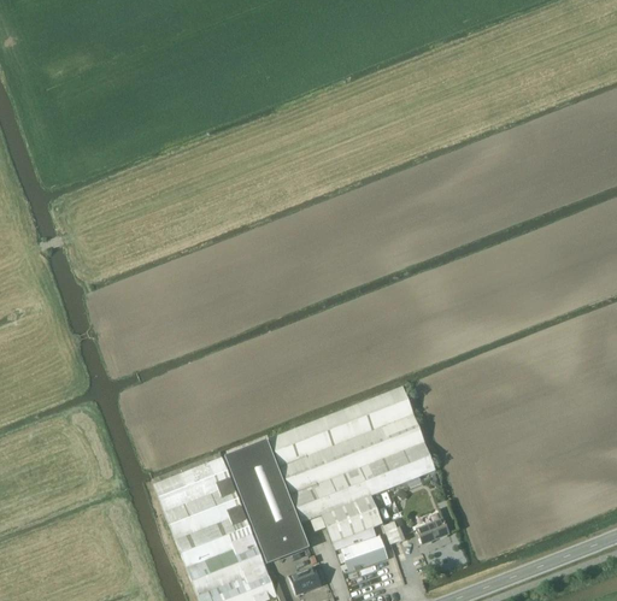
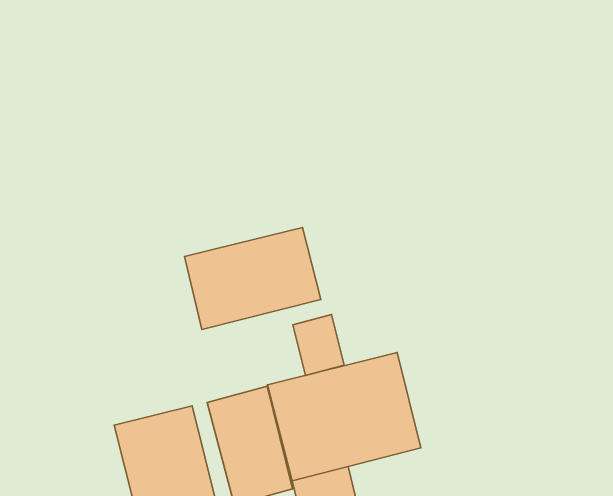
building: none -> [184,227,321,329]
building: none -> [293,315,344,375]

